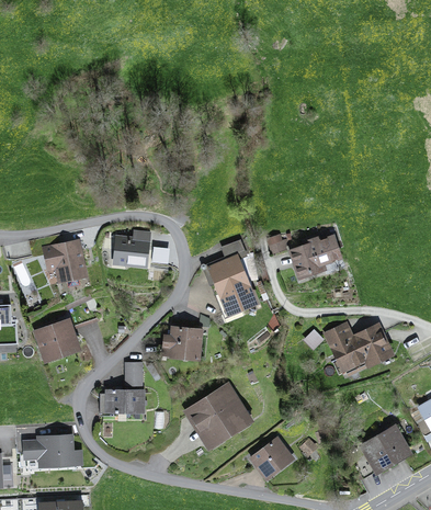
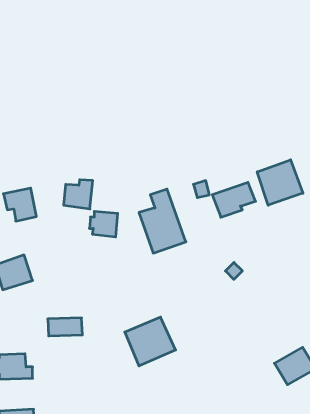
building: none -> [257,160,303,205]
building: [328,324,390,367] -> none
building: [168,327,201,356] -> [89,211,118,237]
building: [122,363,140,388] -> none
building: [249,441,292,481] -> none

